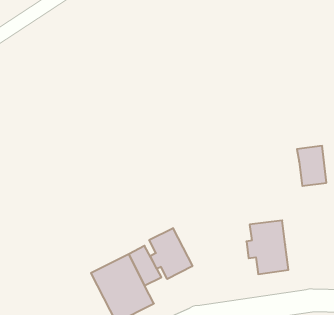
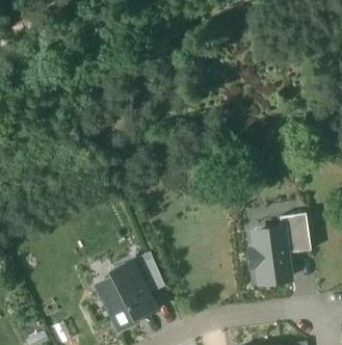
building: [297,146,326,186] -> [282,214,311,254]
building: [149,228,192,279] -> none

